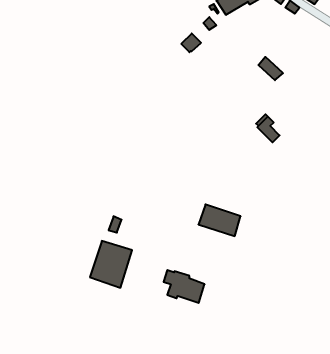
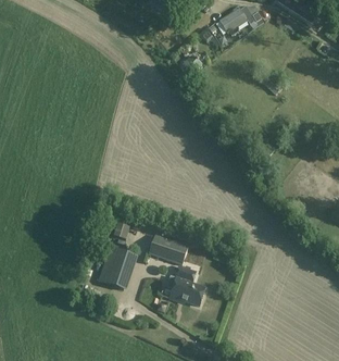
building: [198,204,241,236] -> [151,229,190,259]

